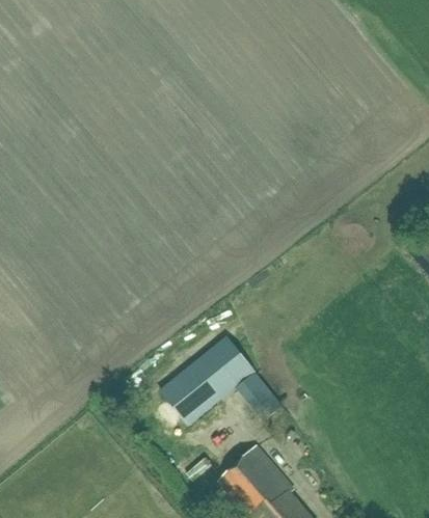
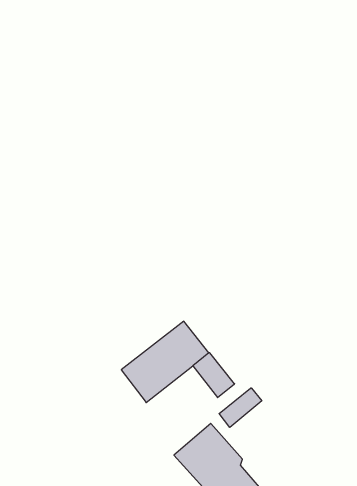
building: none -> [219,388,262,427]

